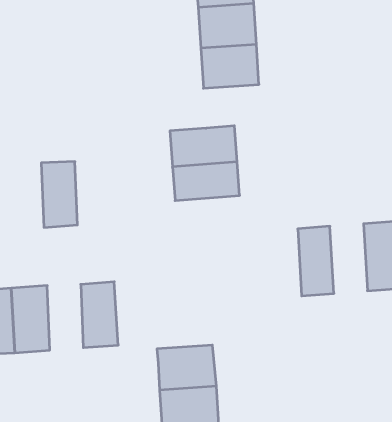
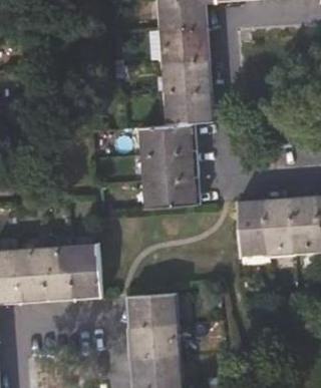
building: none -> [166,91,212,125]
building: [41,162,77,227] -> [44,247,72,298]
building: none -> [143,177,196,208]
building: none -> [264,200,293,254]

